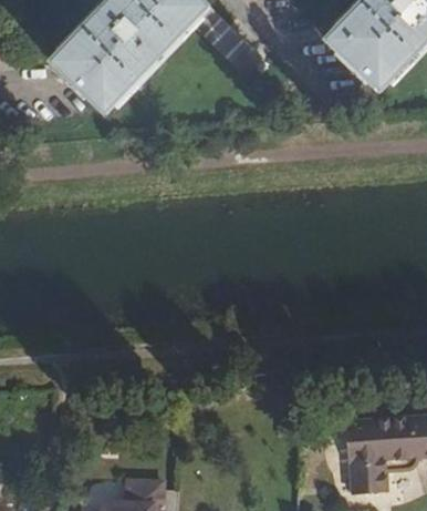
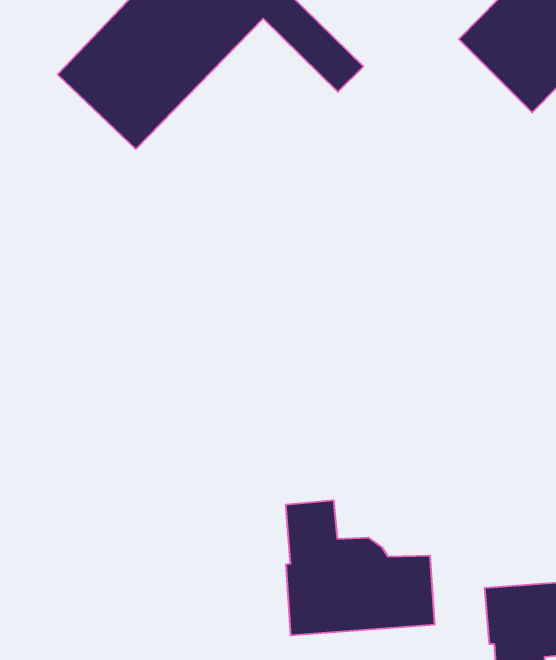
building: none -> [286,500,434,636]

